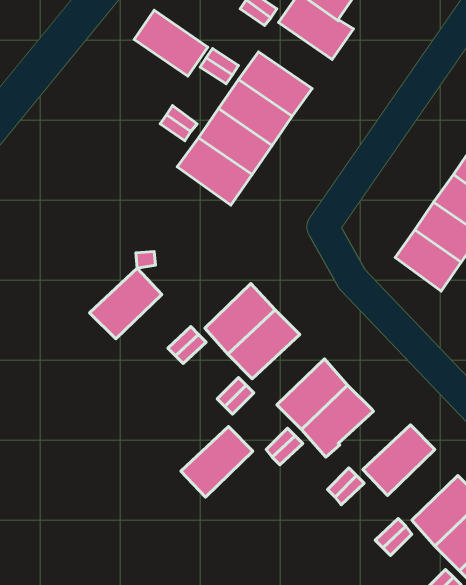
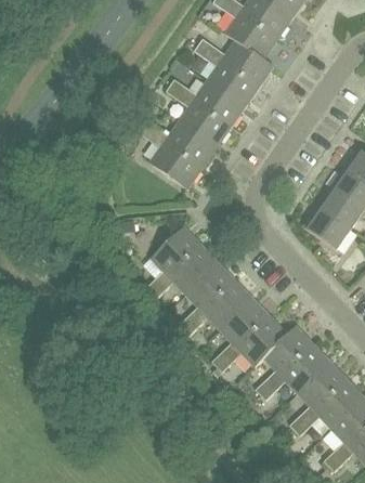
building: [134,10,208,76] -> [207,60,259,106]
building: [90,268,162,339] -> [151,225,201,275]
building: none -> [263,325,314,375]
building: [181,427,253,497] -> [203,279,253,329]
building: none -> [298,361,348,410]

